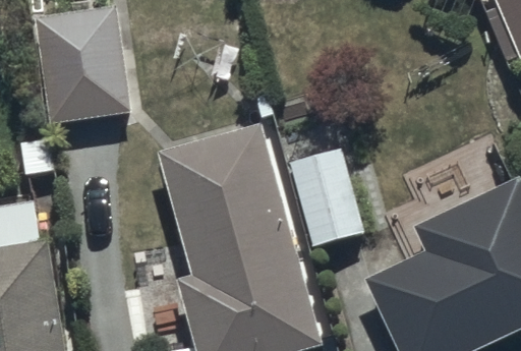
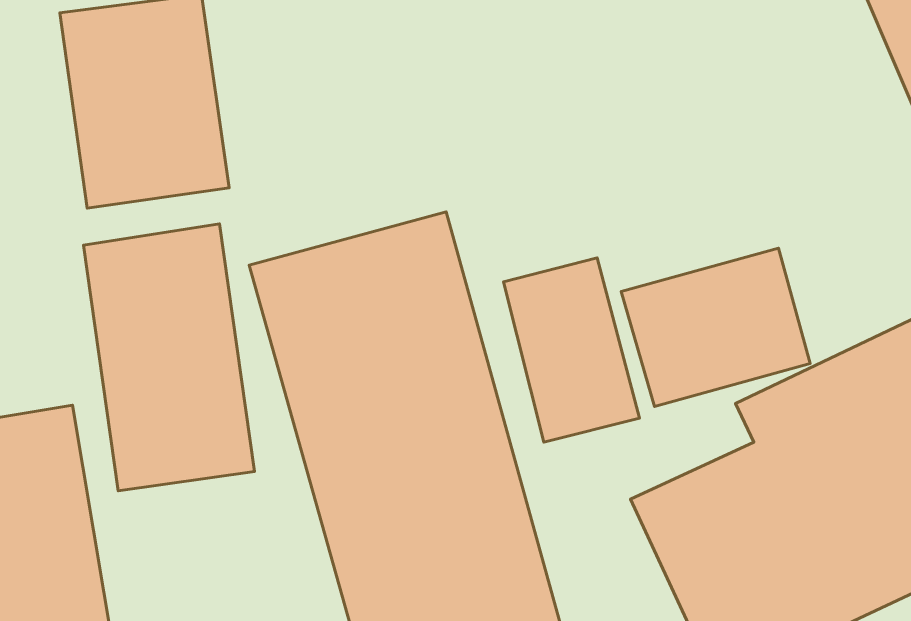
building: none -> [84,224,255,491]
building: none -> [621,248,810,407]

